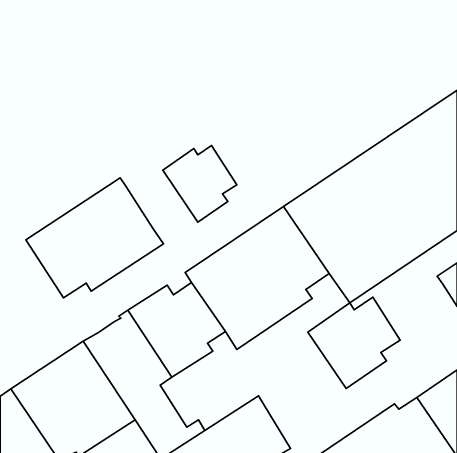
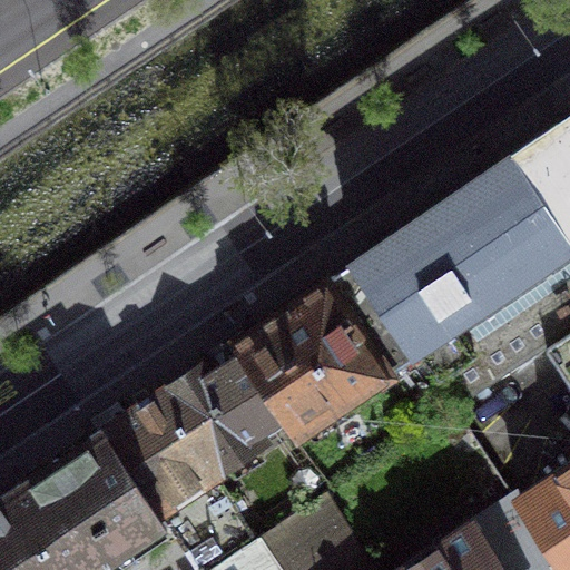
building: [163,145,237,222] -> none
building: [26,178,163,298] -> none
building: [308,297,400,389] -> none

